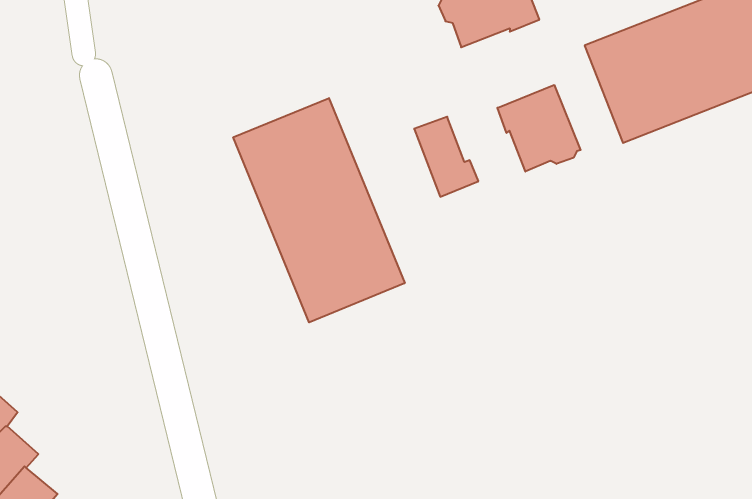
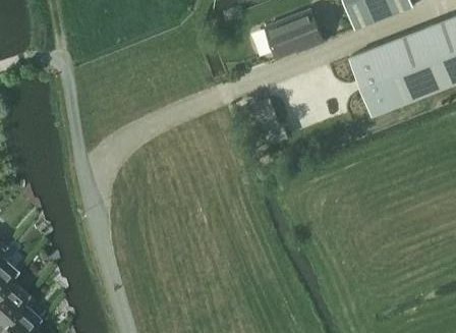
building: [497,85,581,172] -> none
building: [233,98,405,322] -> none

